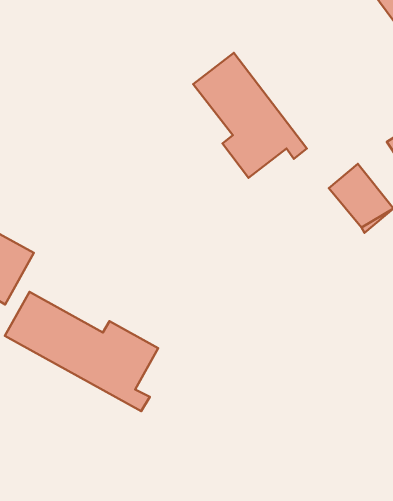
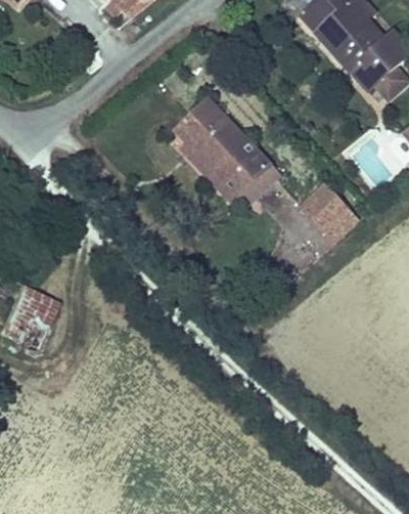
building: [5,292,158,411] -> none

